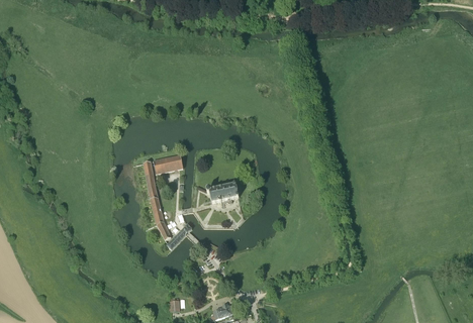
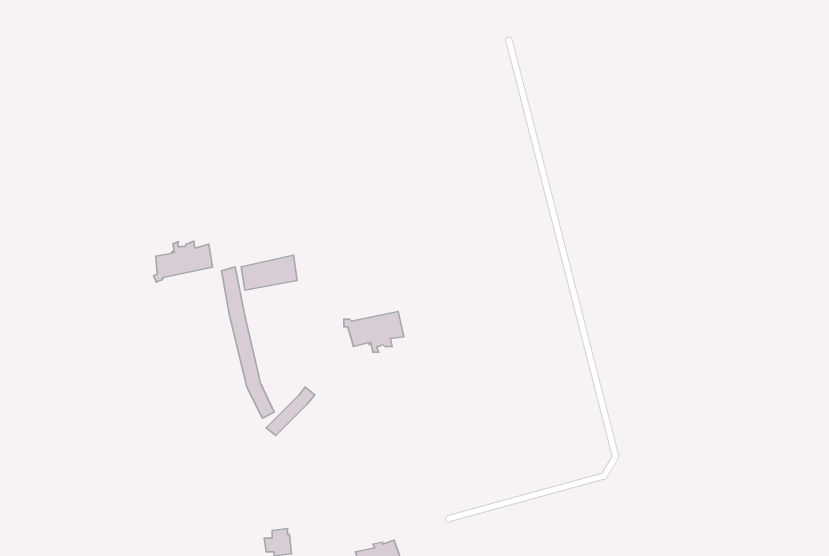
building: none -> [153,241,213,282]

